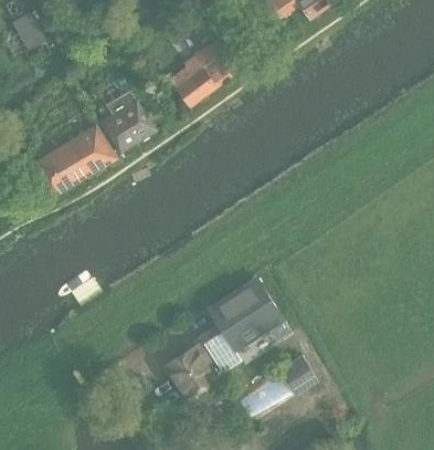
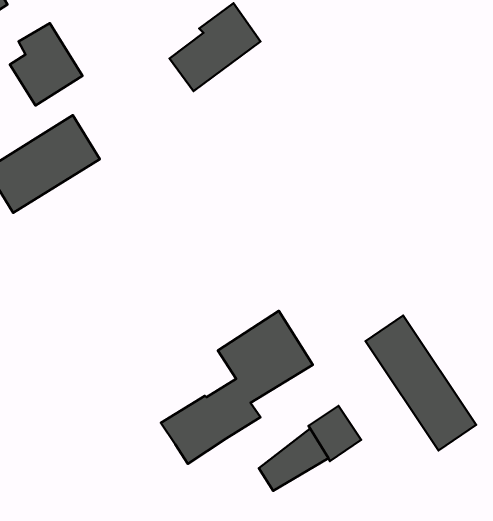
building: [98,90,155,154] -> [10,23,82,105]
building: none -> [365,316,476,451]

